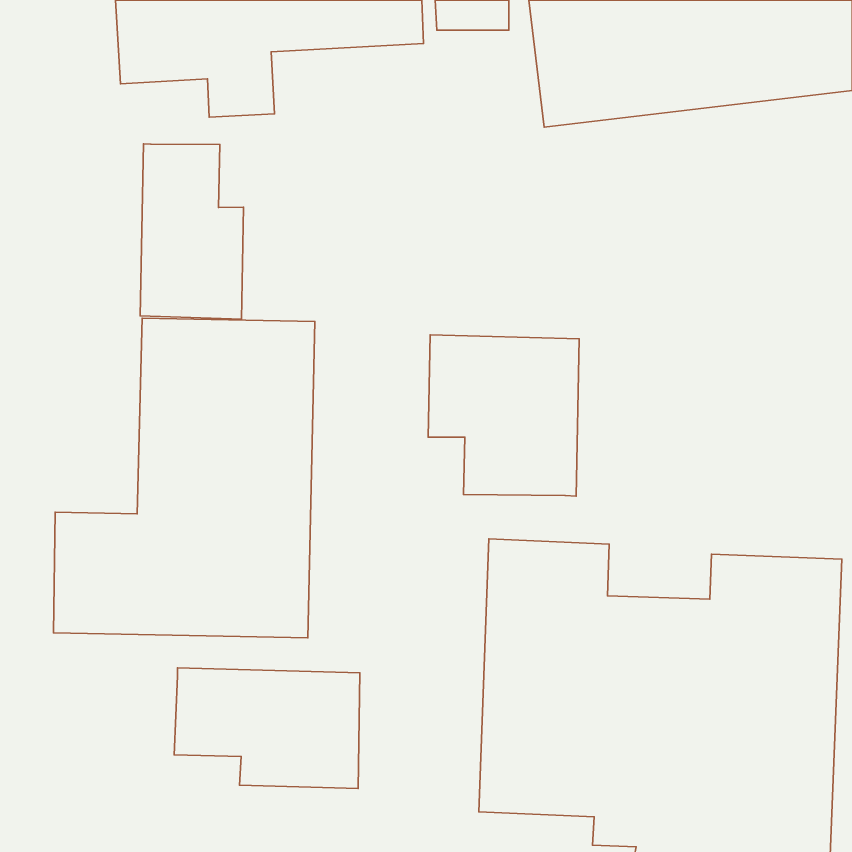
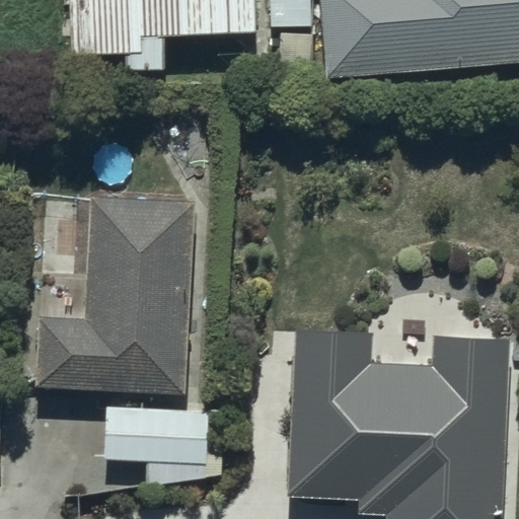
building: [140,144,244,319] -> none
building: [428,335,579,496] -> none

